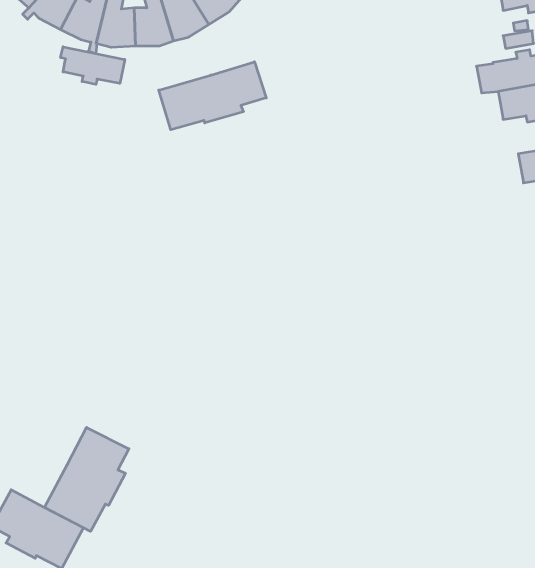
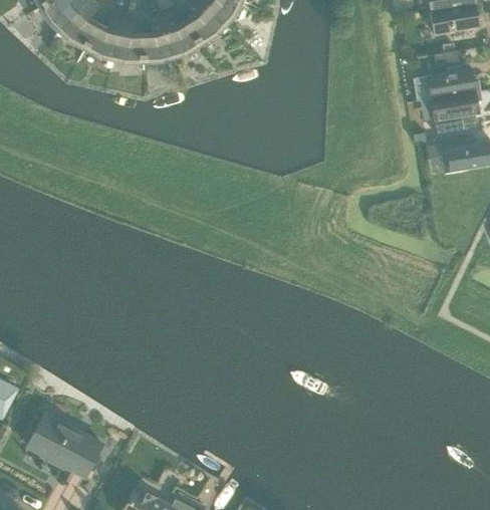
building: [61,47,125,84] -> none
building: [159,62,266,130] -> none
building: [44,427,129,531] -> none

